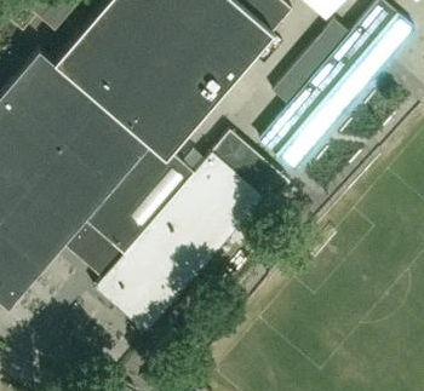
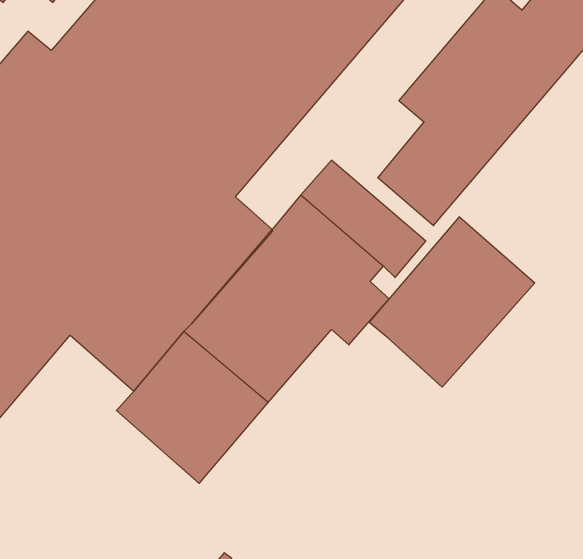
building: none -> [369,217,535,387]

